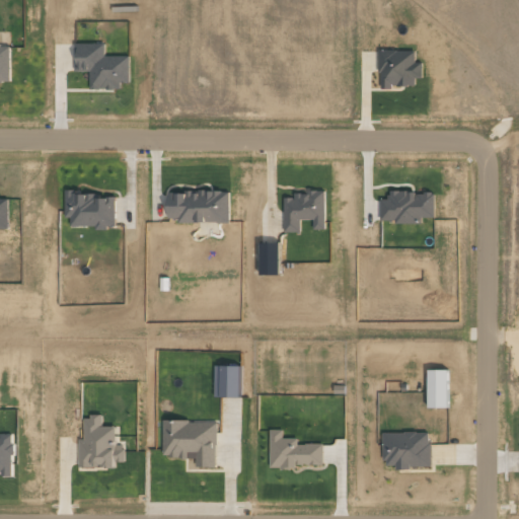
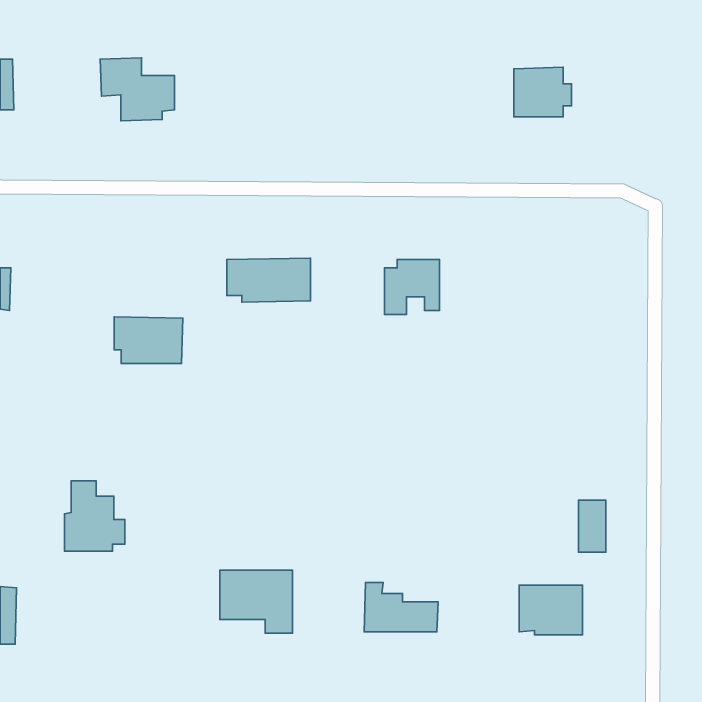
building: [380,192,434,222] -> none
building: [65,193,116,227] -> [114,317,183,363]
building: [215,366,239,397] -> none
building: [79,416,124,467] -> [64,481,125,551]

